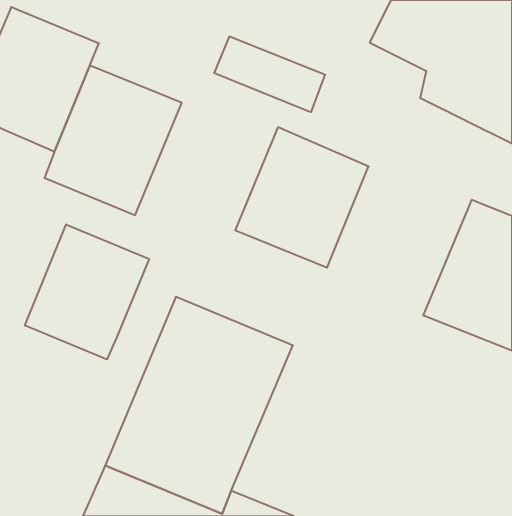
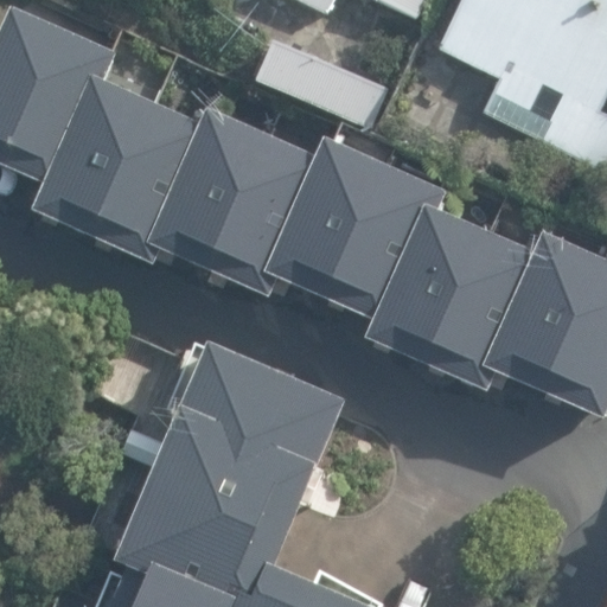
building: none -> [159,106,326,295]
building: none -> [373,196,550,388]
building: [25,224,149,359] -> none

